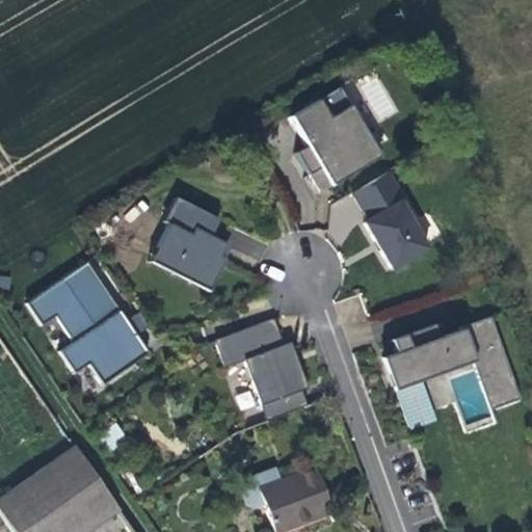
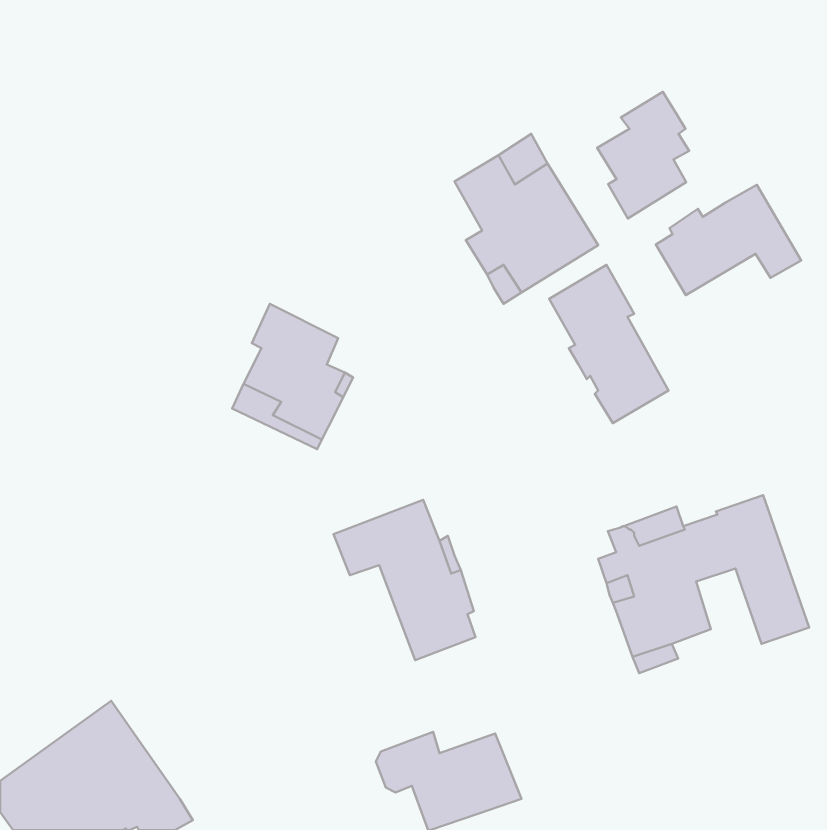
building: none -> [597,92,689,218]
building: none -> [656,185,801,295]
building: [26,263,153,388] -> none

